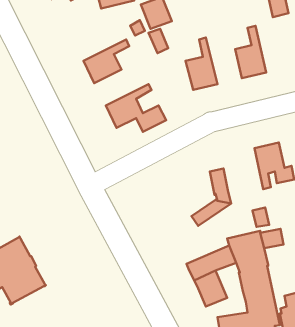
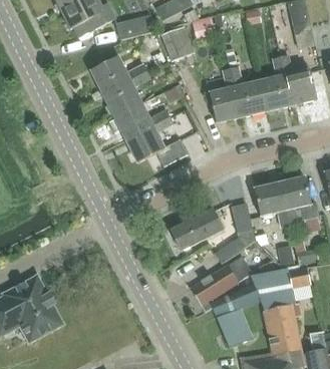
building: none -> [280,54,316,104]
building: none -> [90,55,146,92]
building: none -> [229,66,266,116]
building: none -> [113,101,170,138]
building: none -> [253,182,288,227]
building: none -> [171,209,222,251]
building: none -> [190,255,252,311]

